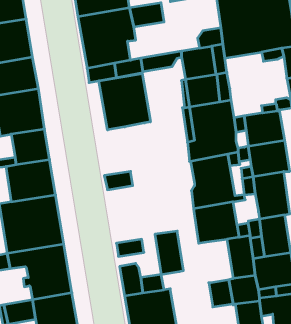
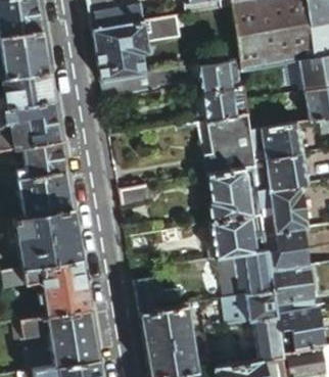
building: [99,73,150,130] -> none
building: [155,231,183,275] -> [221,254,249,298]

